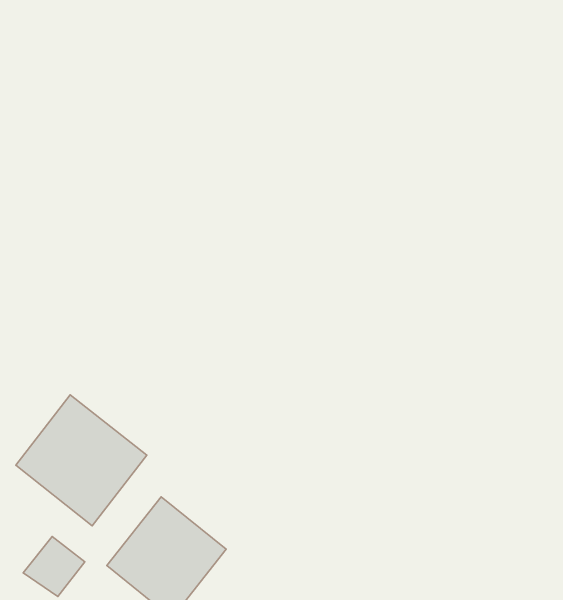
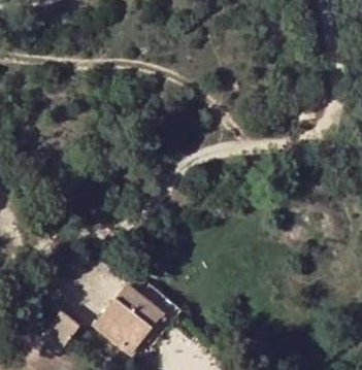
building: [16,395,147,526] -> none

